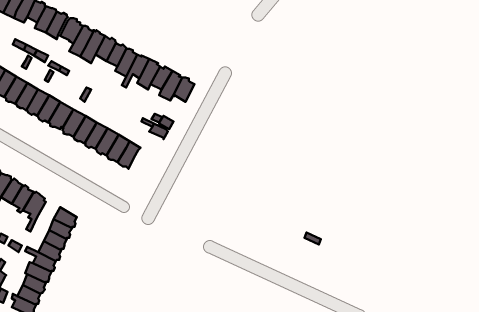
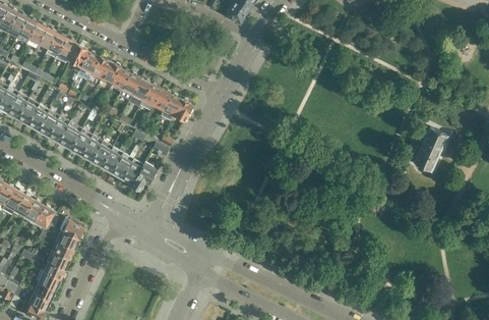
building: none -> [413,126,446,170]
building: none -> [131,161,157,190]

